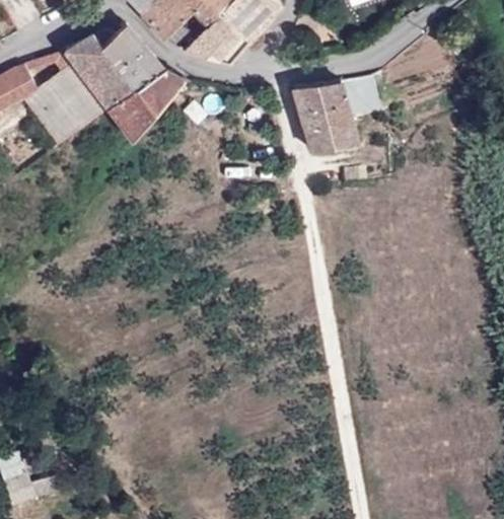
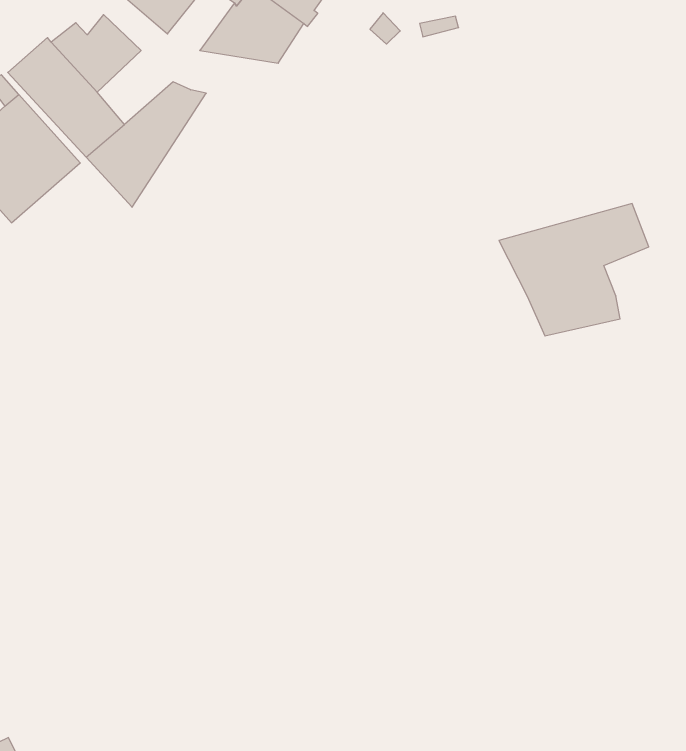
building: [118,47,164,90] -> none
building: [289,76,379,150] -> [499,204,649,336]

